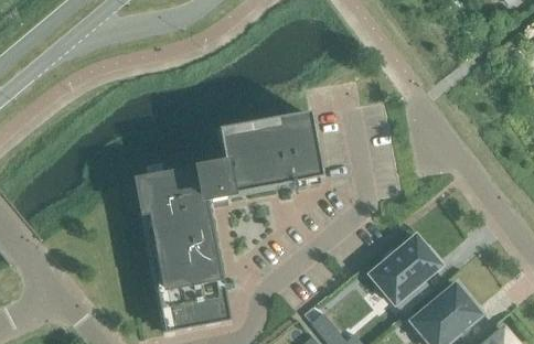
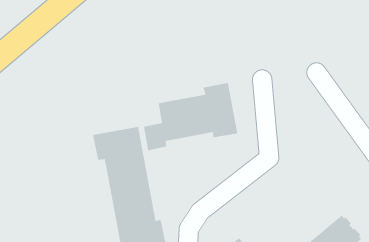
building: [369,235,439,303] -> none

